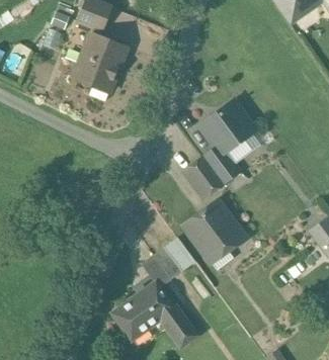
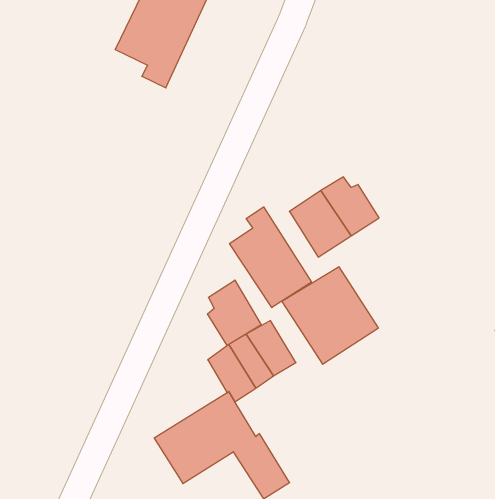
building: [200,100,254,153] -> none
building: none -> [230,207,312,308]
building: none -> [207,280,261,346]

